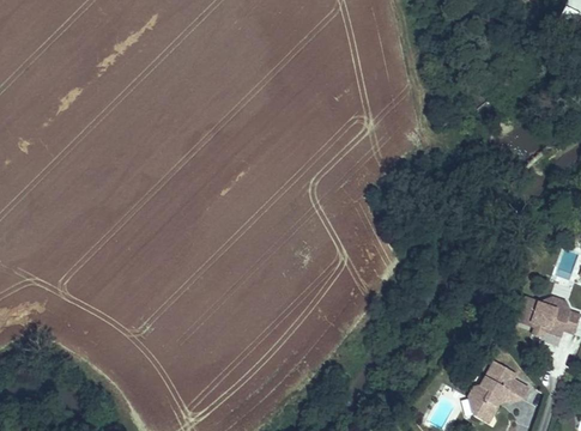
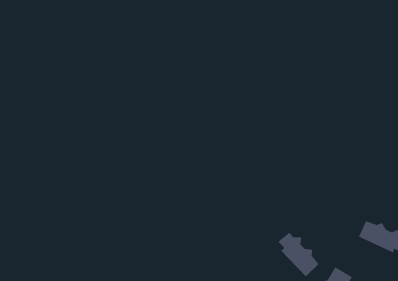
building: none -> [278,232,319,277]

